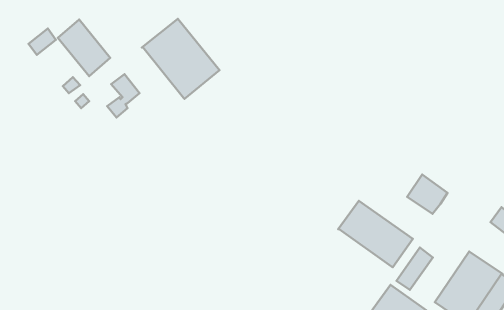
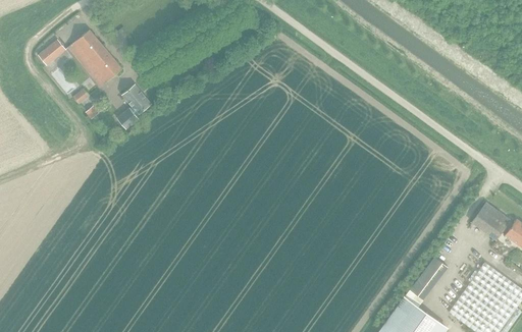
building: [142,19,220,99] -> none
building: [407,175,448,214] -> [469,202,510,241]
building: [338,201,413,267] -> none

